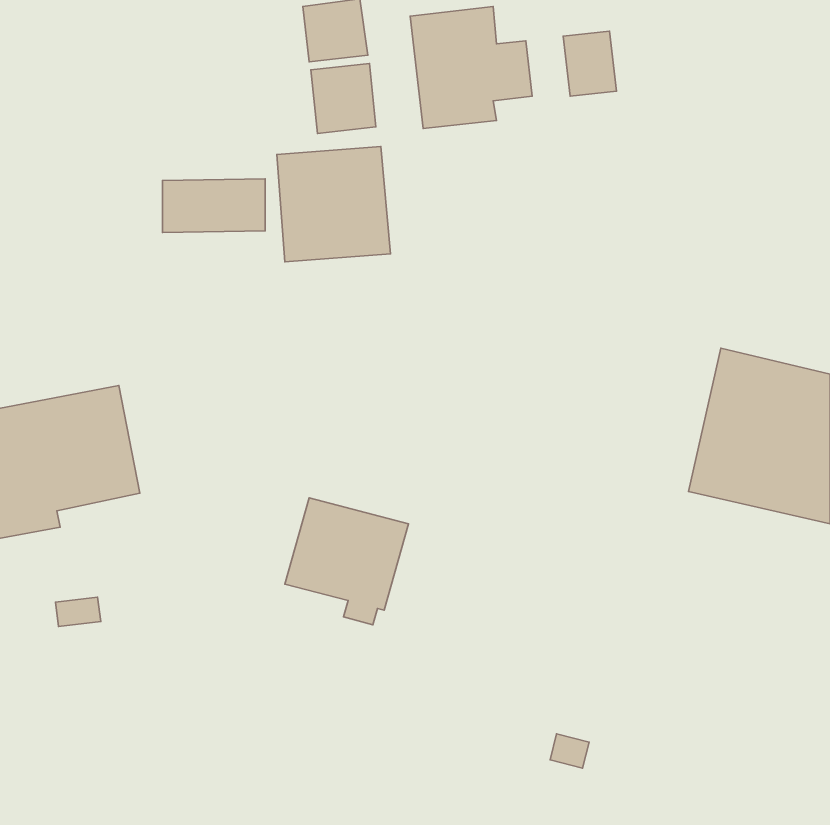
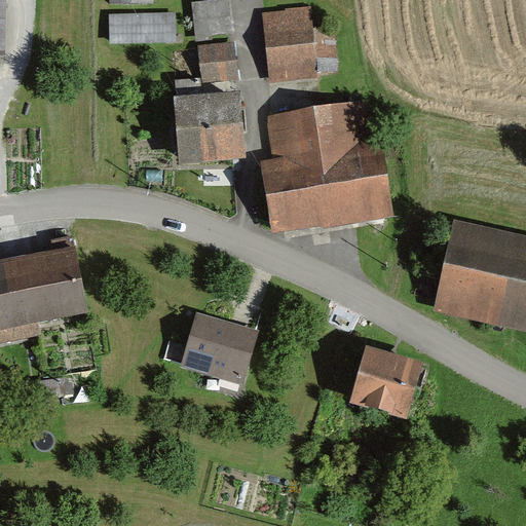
building: [563,31,616,96] -> none
building: none -> [262,102,386,232]
building: [163,179,265,233] -> [109,11,174,45]
building: none -> [353,346,422,408]

